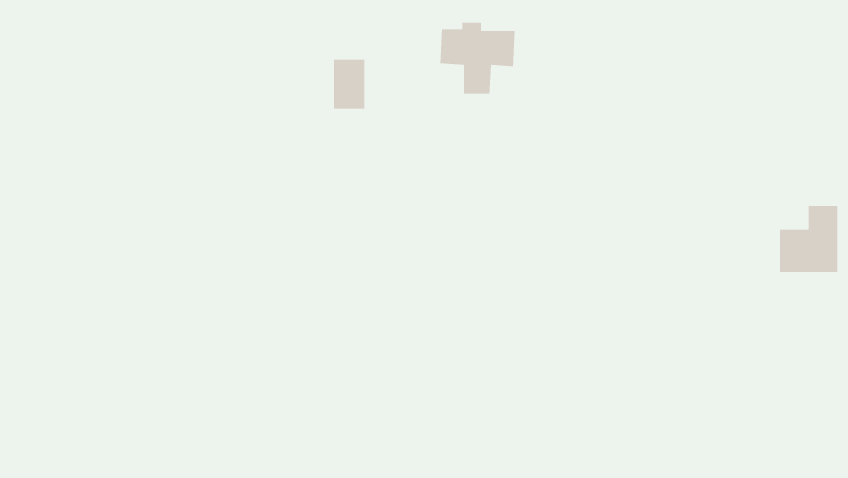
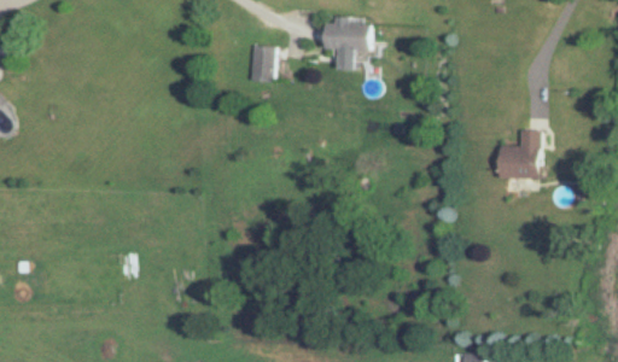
building: [779,205,838,273] -> [501,130,543,179]

